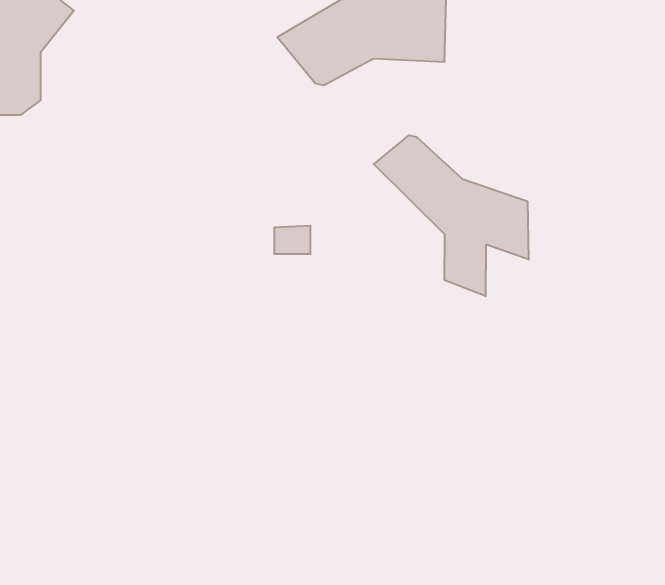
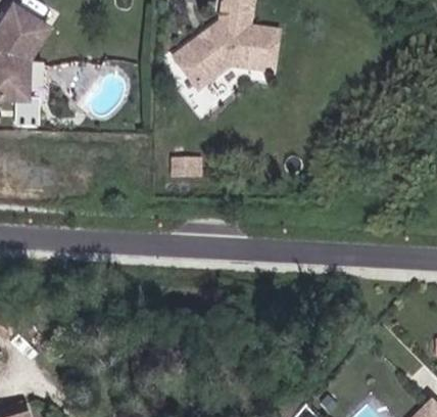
building: [374,135,528,296] -> none

